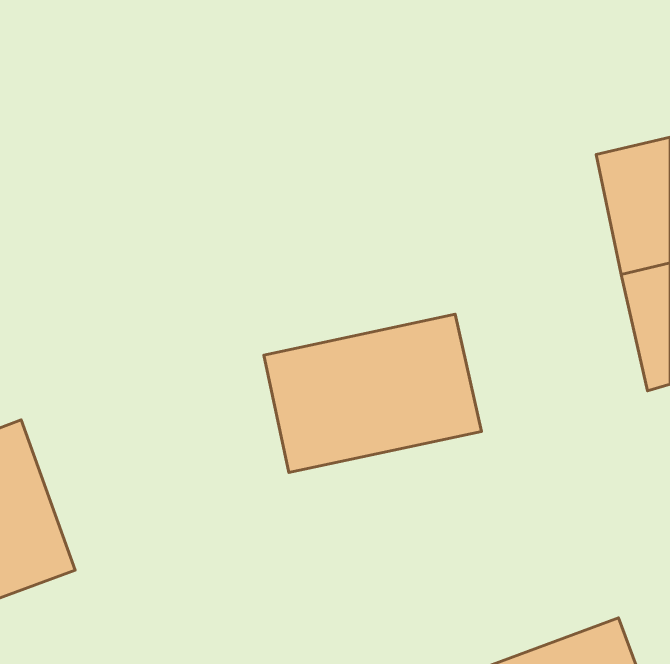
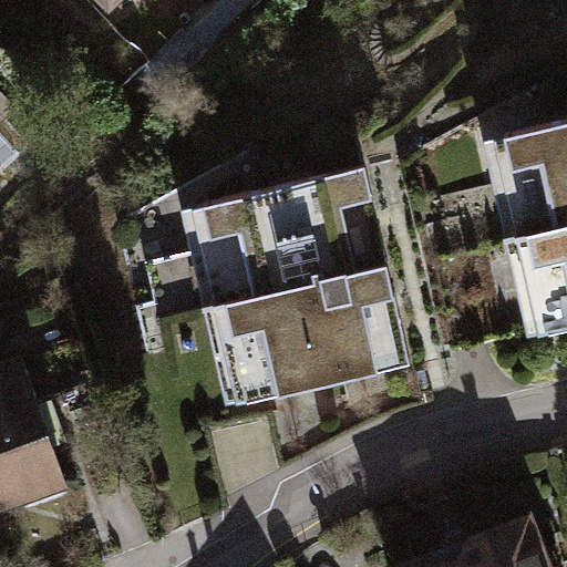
building: none -> [200,173,382,307]

